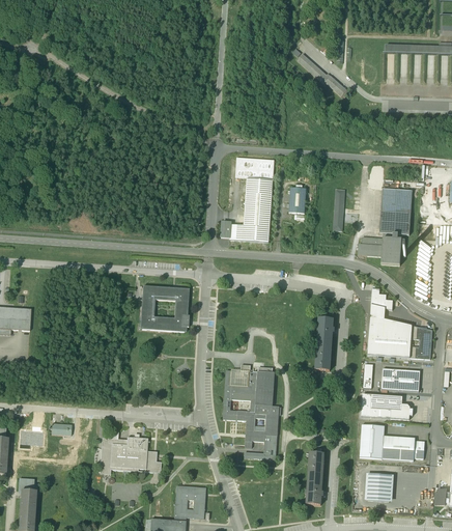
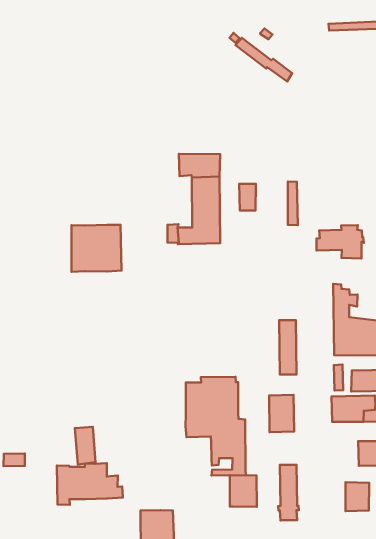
building: [379,189,412,234] -> none
building: [141,286,190,332] -> [72,225,122,272]
building: none -> [75,427,95,464]
building: [360,423,385,458] -> [269,395,294,432]
building: none -> [230,475,257,507]

